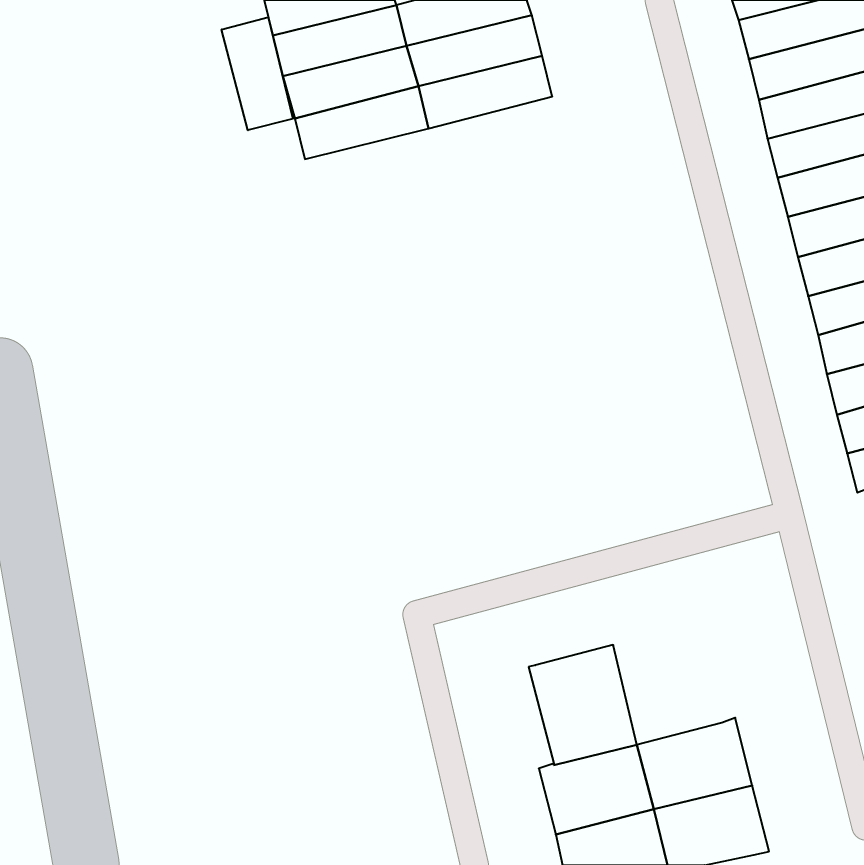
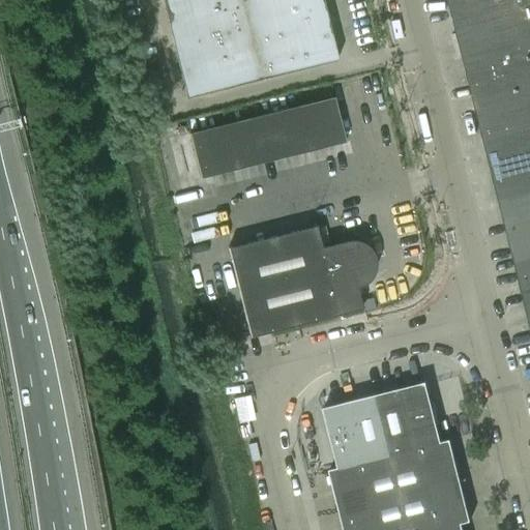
building: [222,17,293,130] -> none
building: none -> [192,96,348,173]
building: none -> [229,226,376,336]
building: none -> [376,382,442,455]

